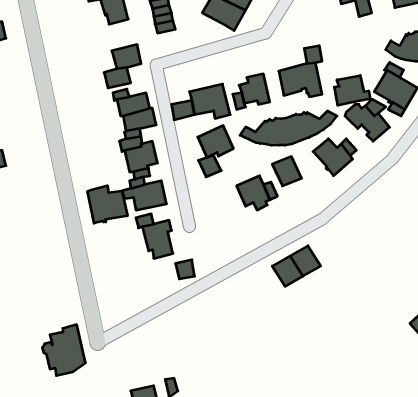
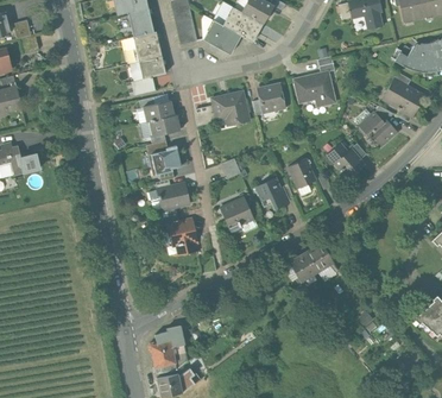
building: none -> [202,19,240,53]
building: none -> [124,31,162,61]
building: [334,75,370,105] -> none
building: [240,111,337,145] -> none
building: [198,126,233,157] -> [219,196,252,226]
building: [88,186,127,223] -> none
building: [42,325,86,376] -> [147,324,188,372]

